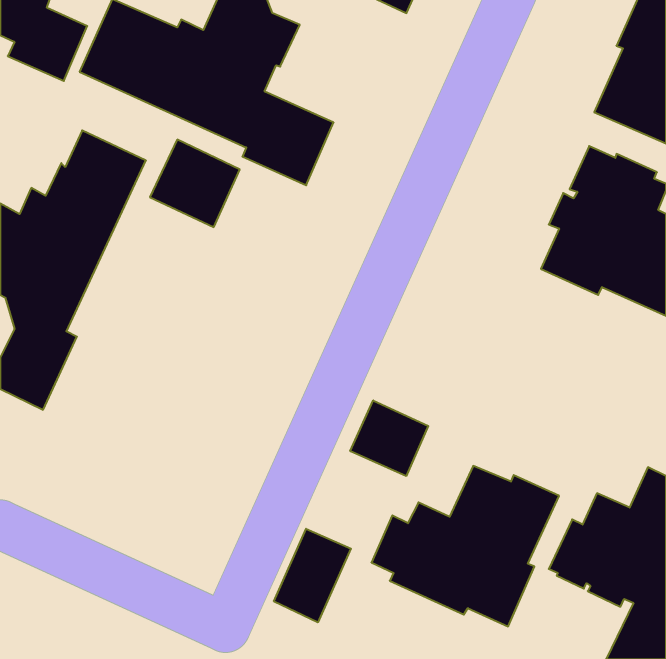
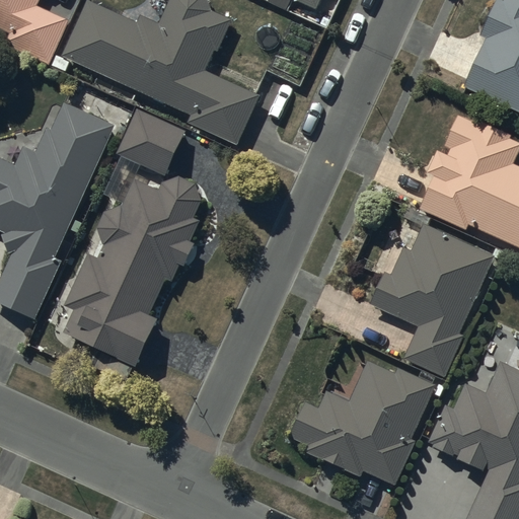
building: none -> [63,175,202,369]
building: none -> [371,221,496,375]
building: [350,400,428,476] -> none
building: [274,529,351,622] -> none

